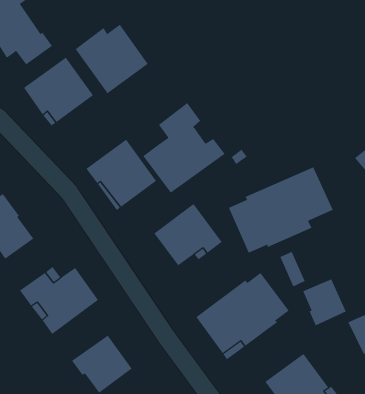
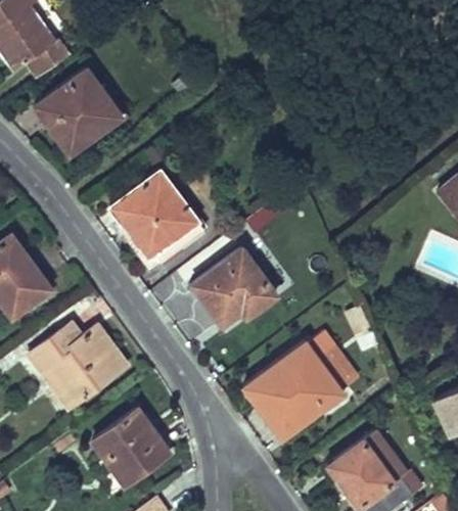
building: [75,24,149,94] -> none
building: [143,102,226,194] -> none
building: [228,166,334,253] -> none
building: [302,278,347,326] -> none

